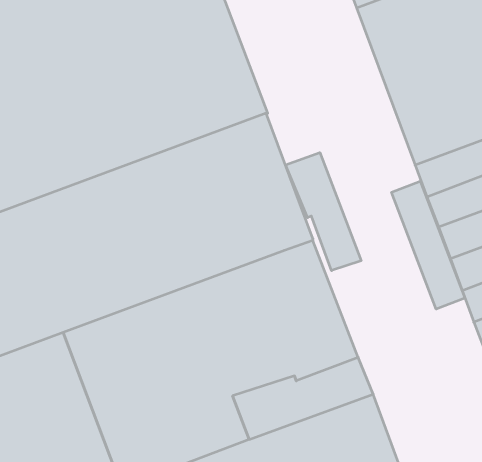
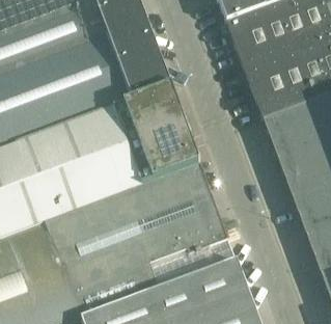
building: [285,153,361,271] -> none
building: [392,181,465,309] -> none

